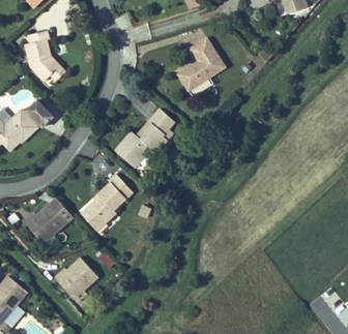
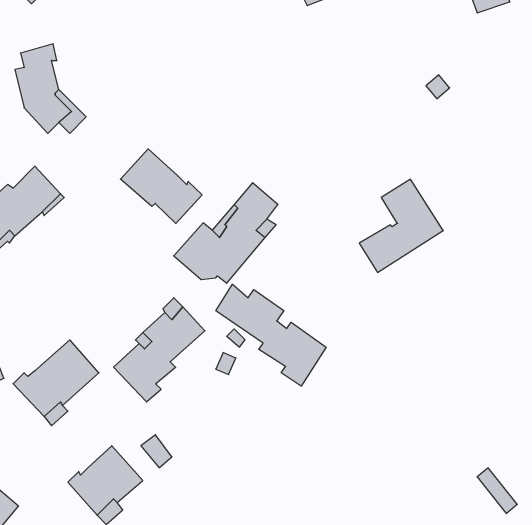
building: [177,37,225,90] -> [359,179,443,272]
building: none -> [120,149,202,223]
building: none -> [216,284,326,386]

